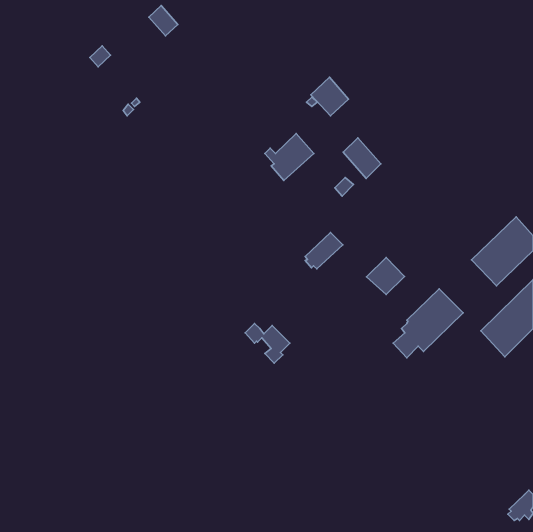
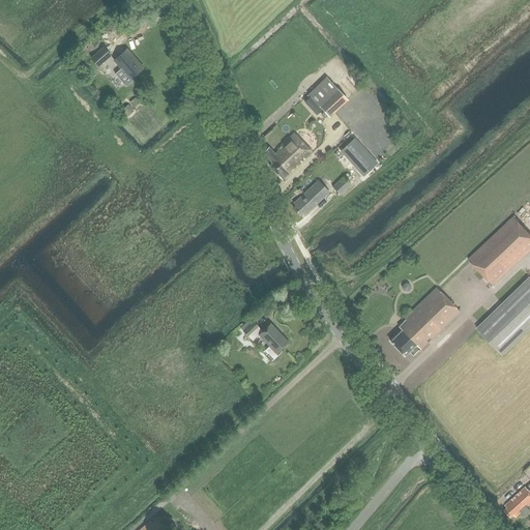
building: [149,6,178,36] -> [114,49,143,79]
building: [305,232,343,269] -> [293,179,330,215]
building: [367,257,405,295] -> none

